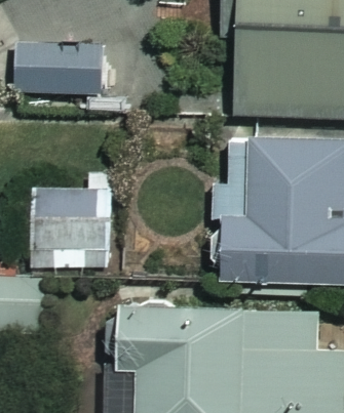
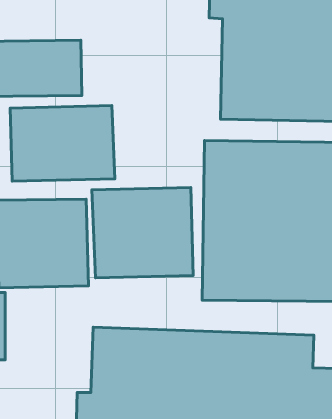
building: none -> [10,106,115,181]
building: none -> [92,188,193,278]

